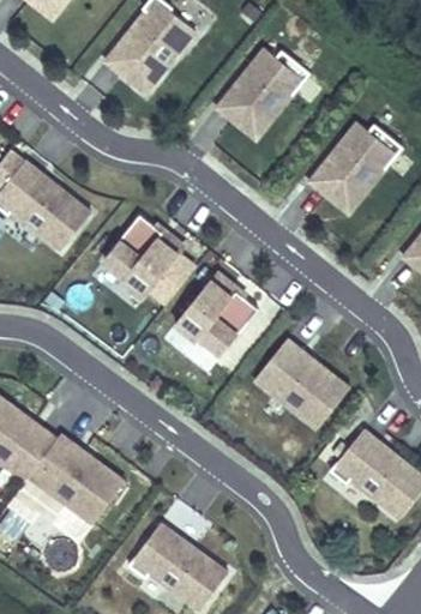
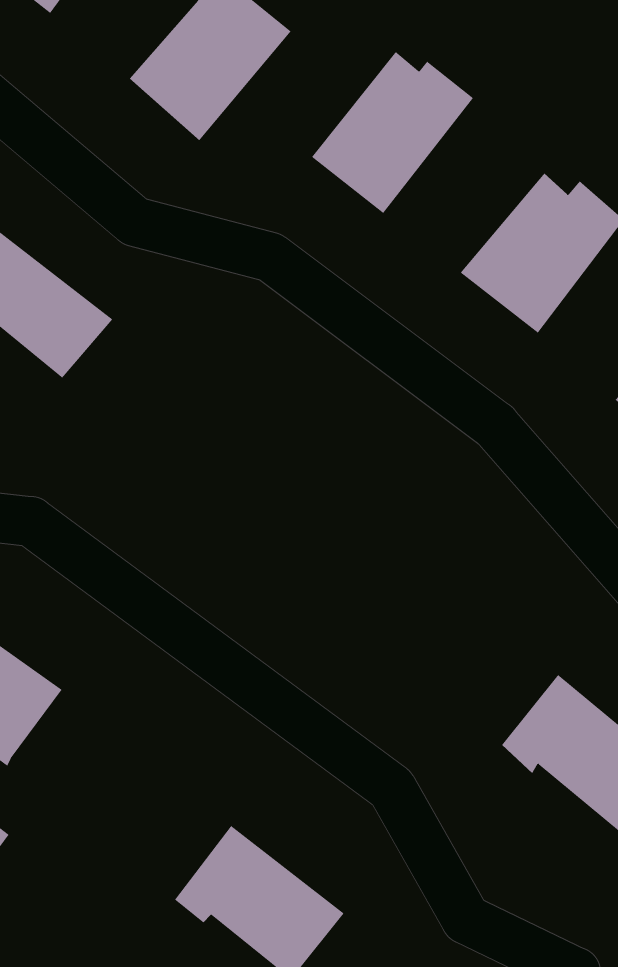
building: [98,218,185,305] -> none
building: [170,267,258,360] -> none
building: [251,337,351,433] -> none
building: [26,432,126,525] -> none

